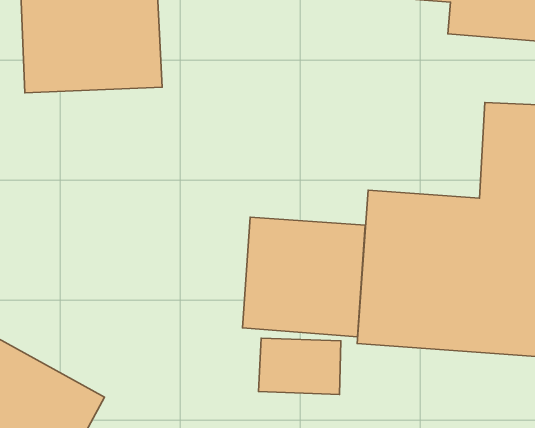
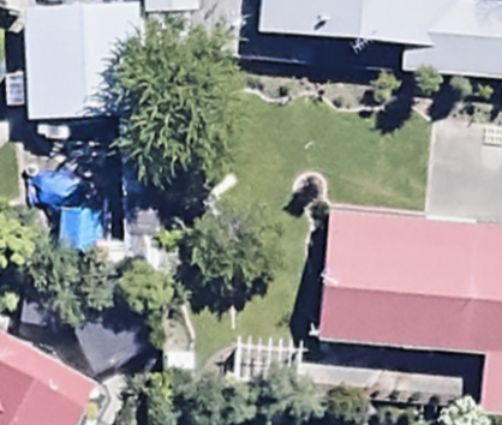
building: [243,217,365,337] -> none

